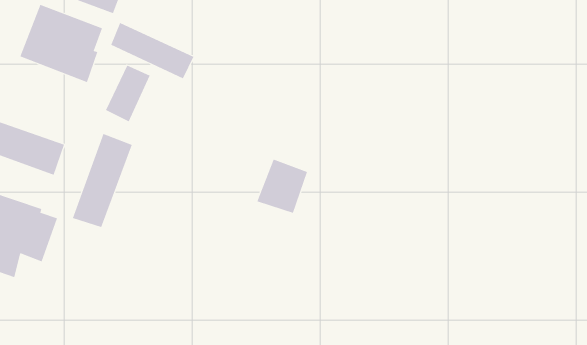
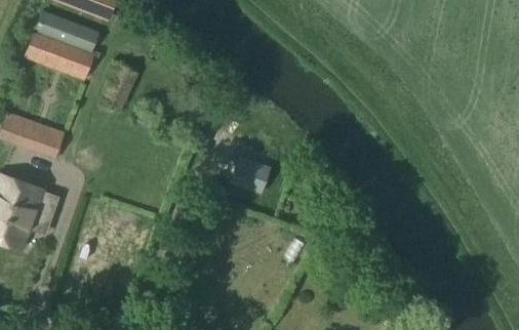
building: [111,22,194,79] -> none
building: [72,133,133,228] -> none

